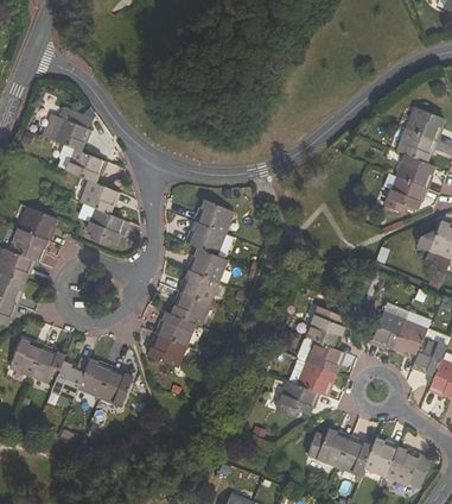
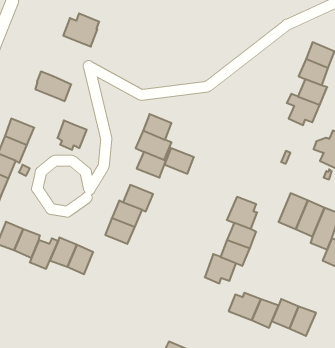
building: [45,107,91,150] -> [63,13,99,47]
building: [81,179,117,213] -> none
building: [180,269,218,302] -> [164,148,194,174]

